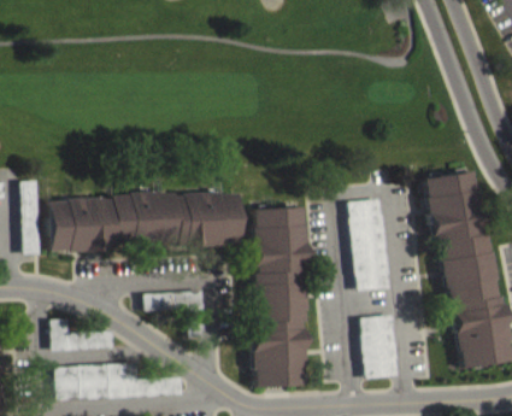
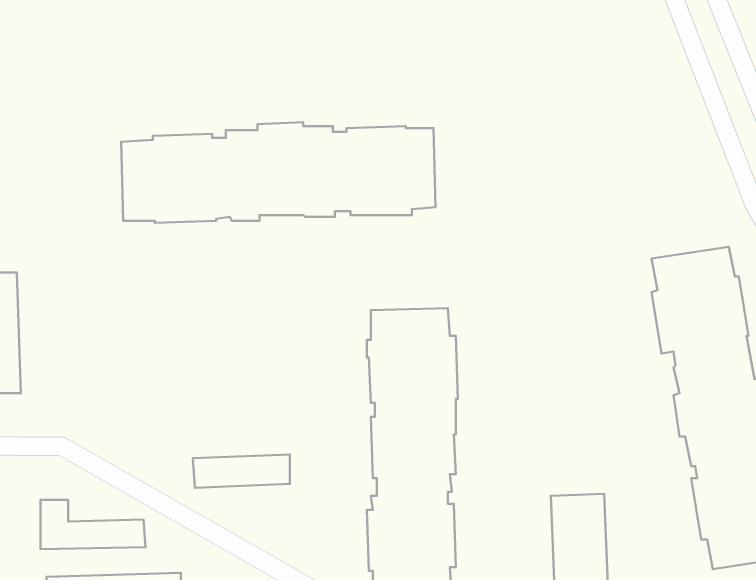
building: [46,189,237,251] -> [121,122,436,223]
building: [351,205,390,295] -> none

